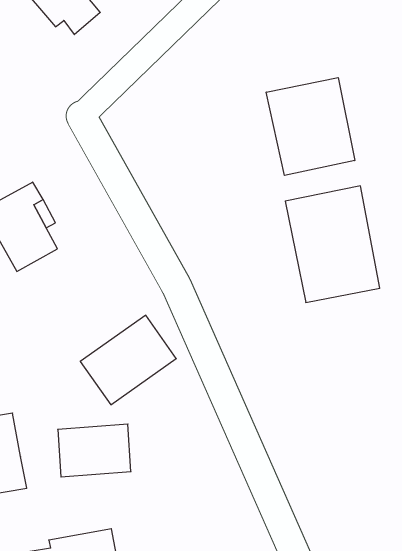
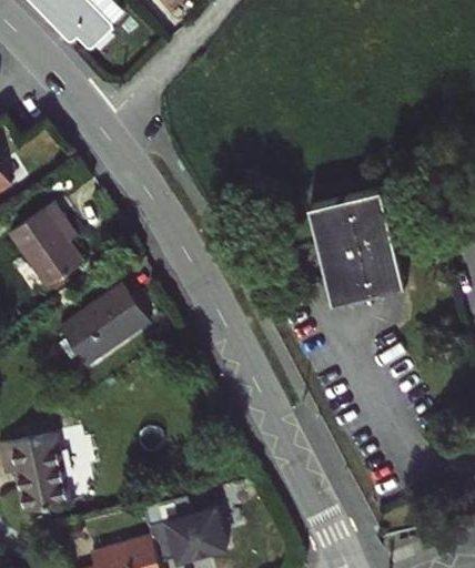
building: [266,78,355,175] -> none
building: [80,315,176,405] -> [55,277,150,367]
building: [58,424,131,477] -> [155,499,230,555]

